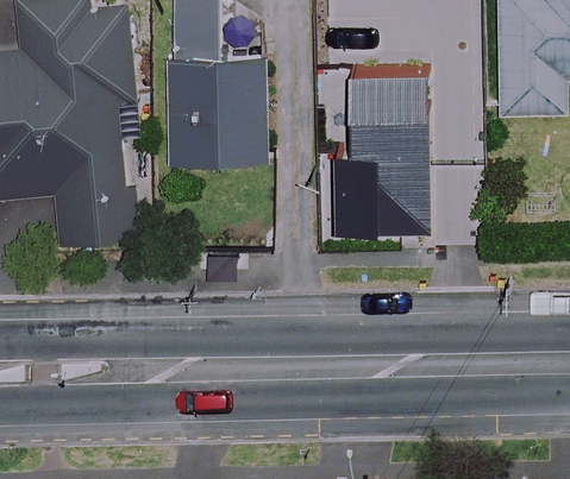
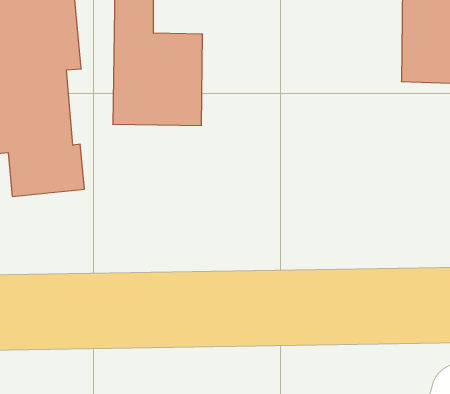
building: [332,59,430,200] -> none

